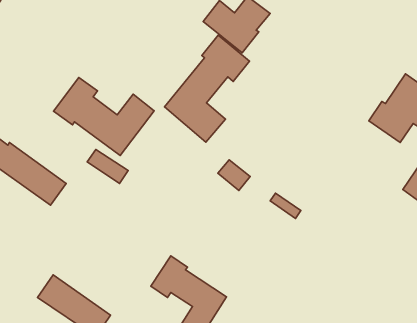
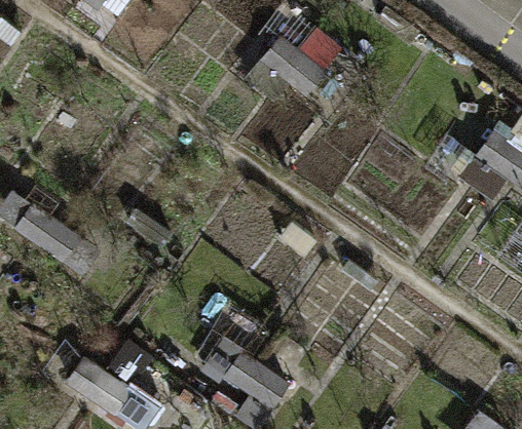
building: [164,35,249,142] -> none
building: [54,78,154,155] -> none

